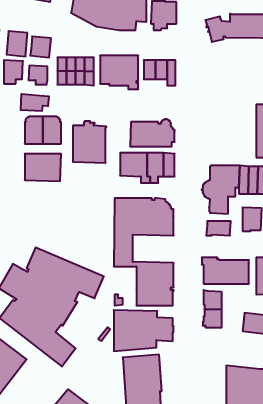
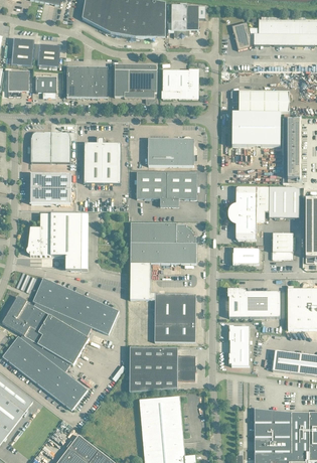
building: none -> [231,92,290,147]
building: [21,94,49,111] -> none
building: none -> [28,214,83,271]

